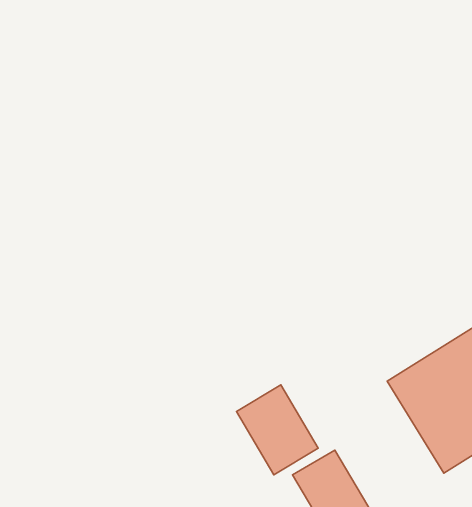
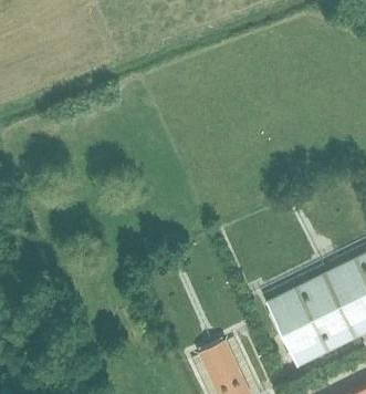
building: [236,385,318,475] -> none

